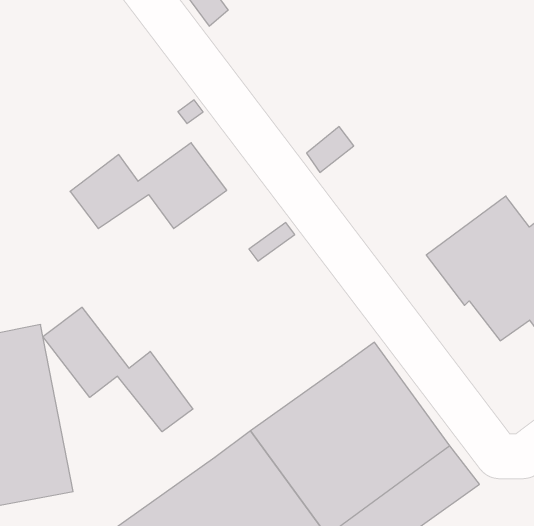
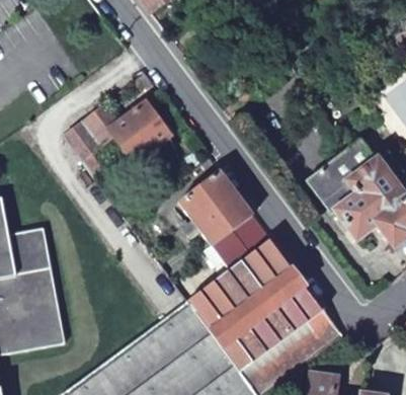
building: none -> [178,171,271,261]
building: [43,307,193,432] -> none

